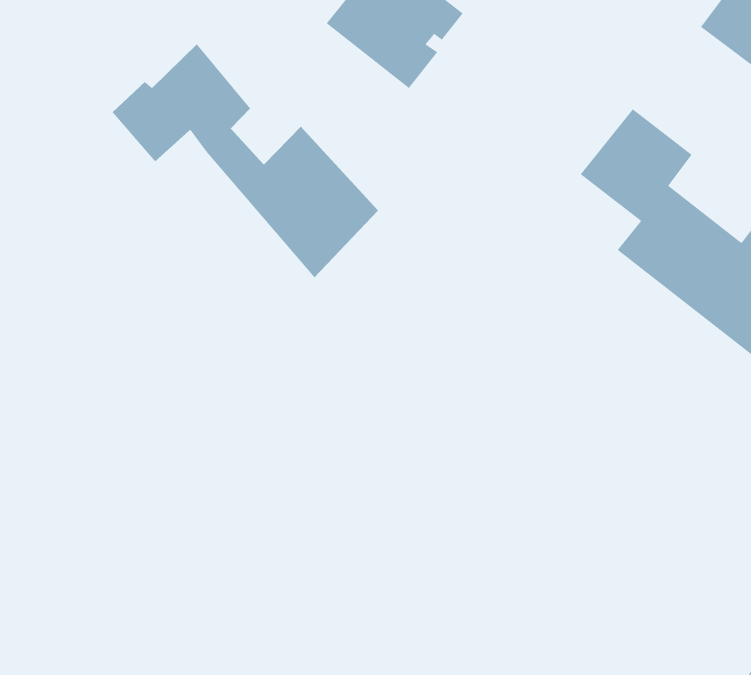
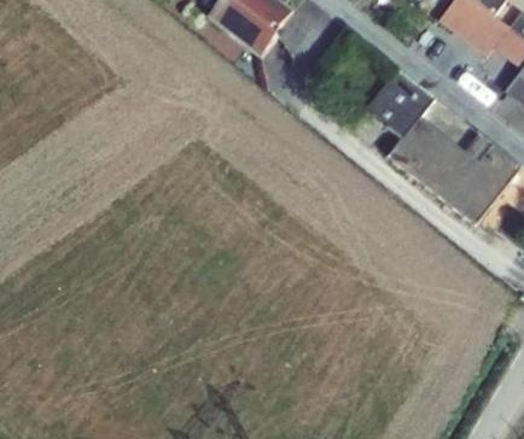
building: [112,44,379,278] -> none

